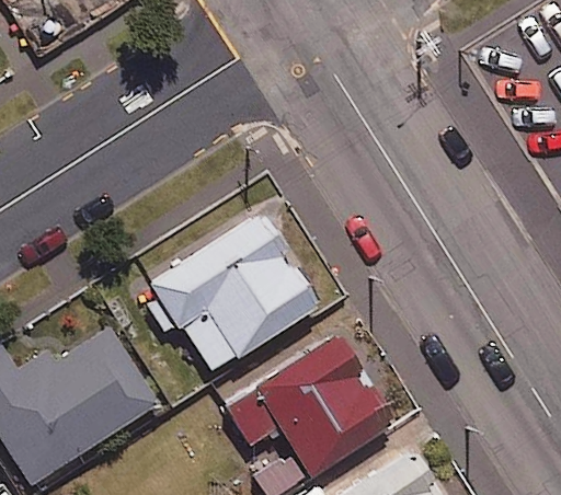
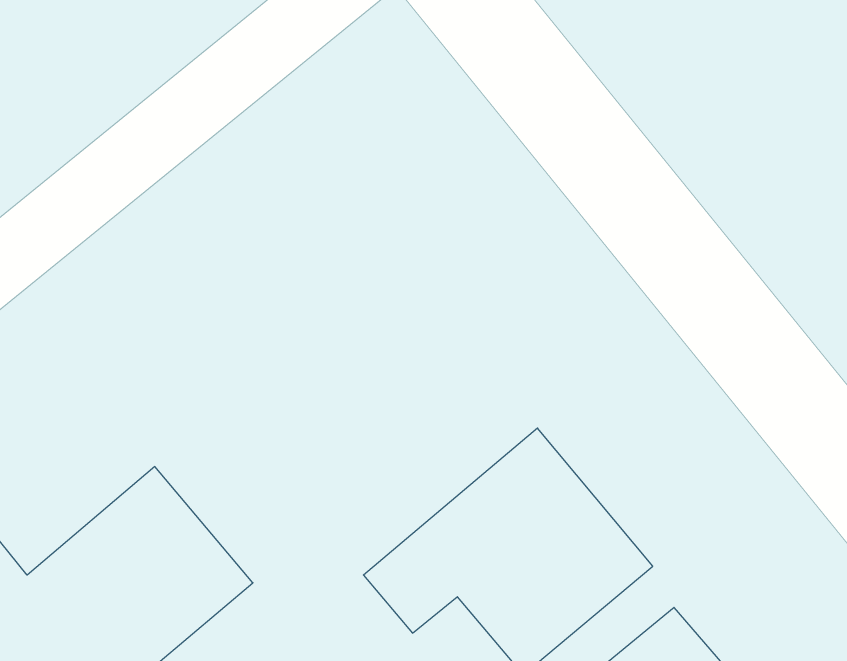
building: [140,210,318,370] -> none

